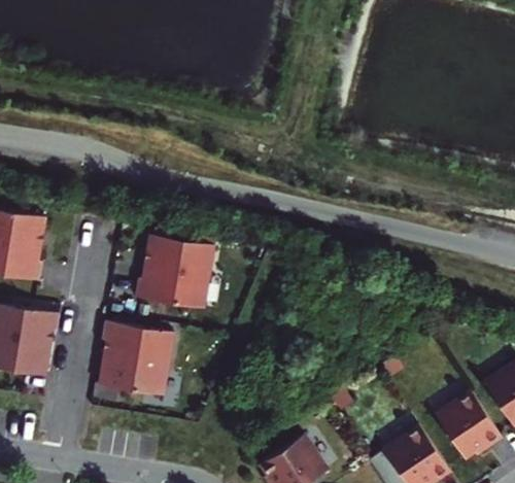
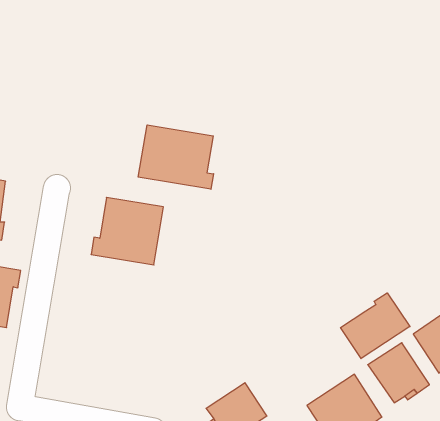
building: none -> [138,125,214,189]
building: [100,321,172,395] -> none
building: none -> [341,293,410,359]

